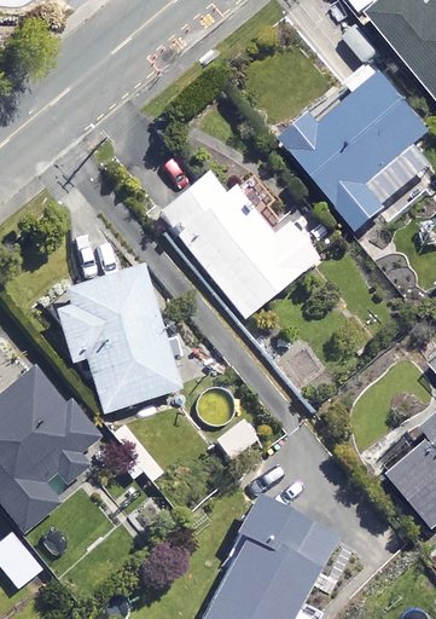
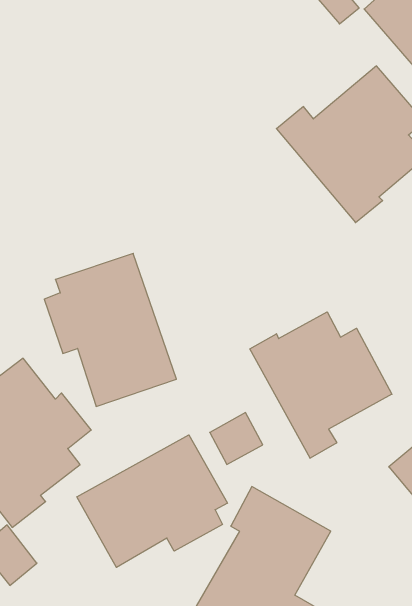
building: [155,169,314,316] -> none
building: none -> [250,312,392,458]
building: none -> [77,435,227,567]

